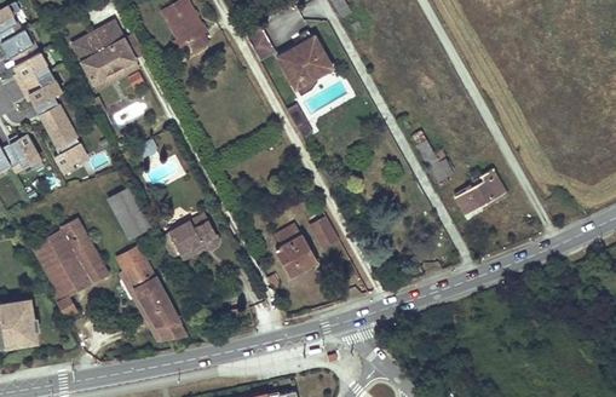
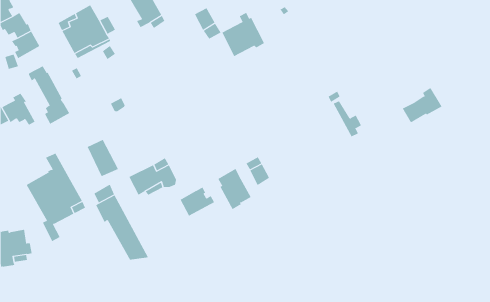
building: [23,73,62,107] -> none
building: [455,169,506,214] -> [402,87,442,123]
building: none -> [180,186,215,217]

